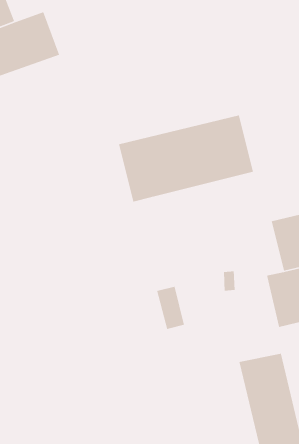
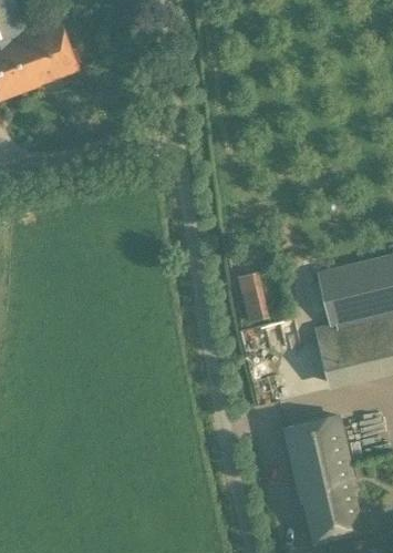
building: [118,114,254,203] -> none
building: [156,286,185,330] -> [236,272,269,322]

